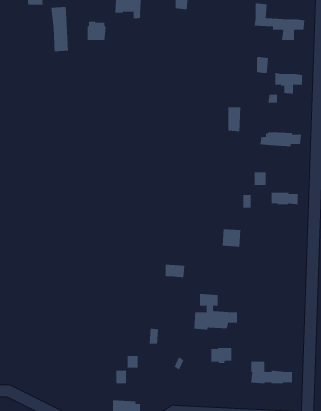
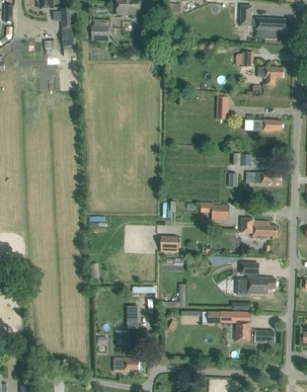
building: none -> [240,219,278,238]
building: [193,294,238,330] -> [236,262,276,295]

